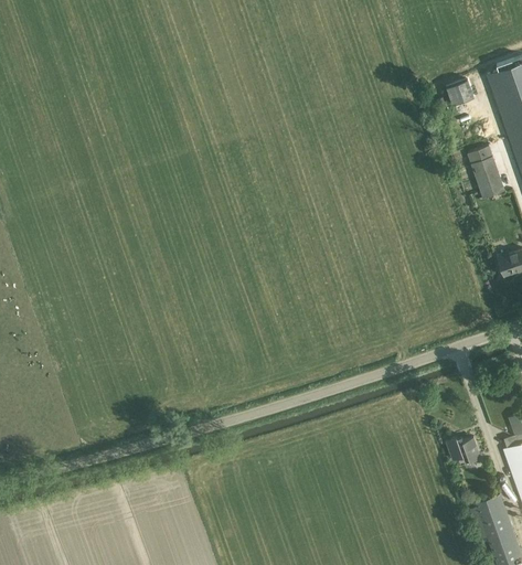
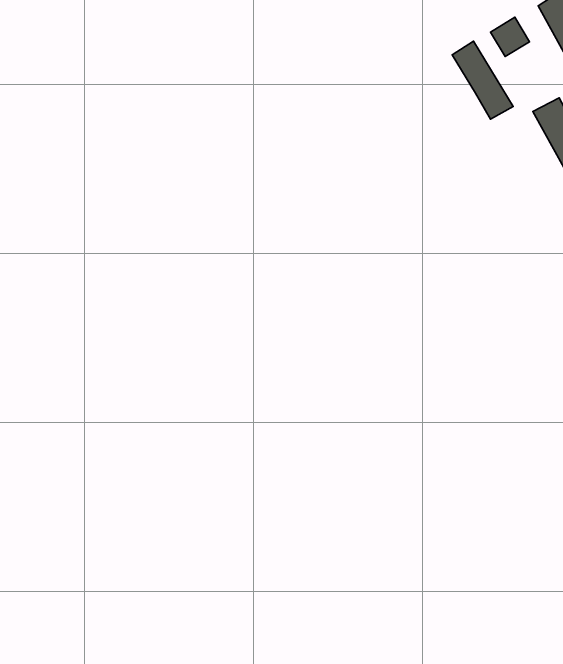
building: none -> [452,41,513,119]

